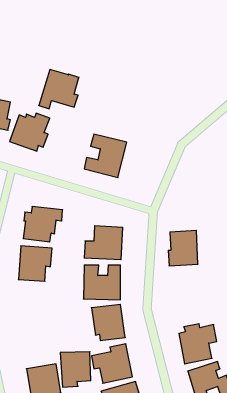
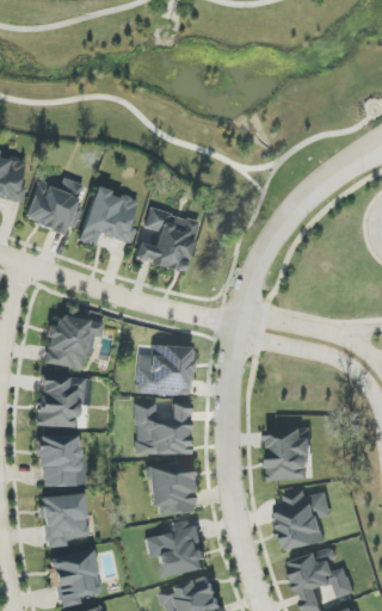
building: [39,69,79,109] -> [79,187,138,246]
building: [168,230,198,266] -> [269,428,313,481]
building: none -> [38,436,84,486]
building: [60,352,91,387] -> [42,494,87,547]

